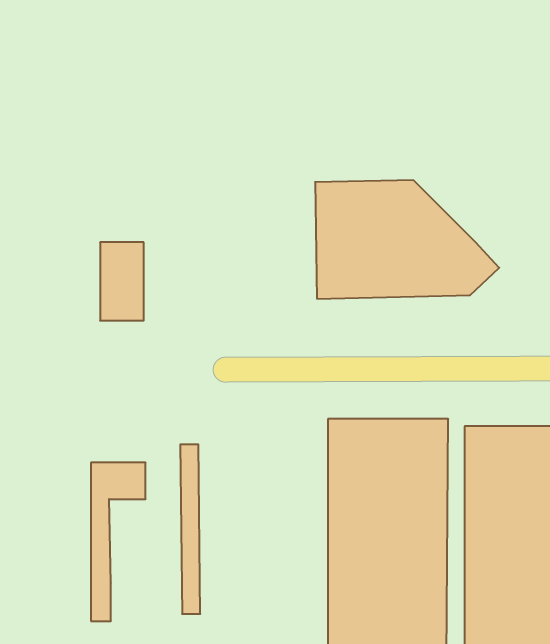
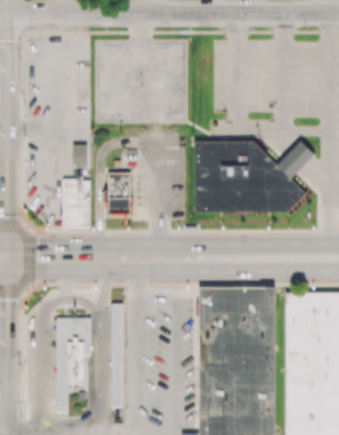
building: none -> [278,144,315,180]
building: none -> [106,174,130,219]
building: none -> [68,337,90,388]

